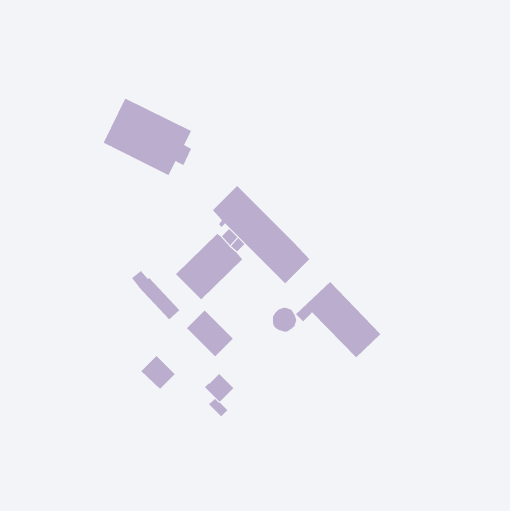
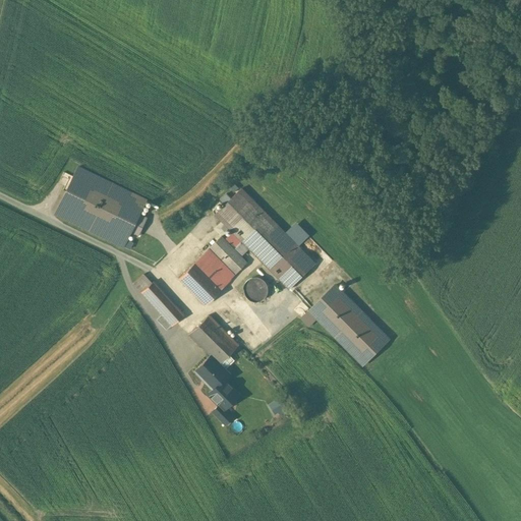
building: [103,98,192,176] -> [56,167,147,246]
building: [272,307,297,332] -> [244,277,270,302]
building: [141,355,176,390] -> [194,354,230,390]

